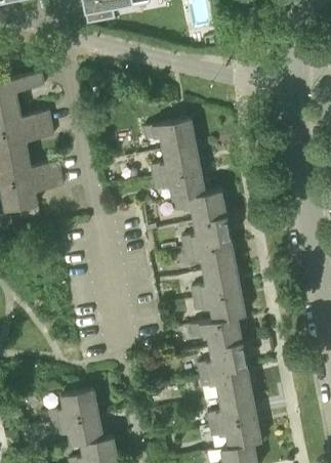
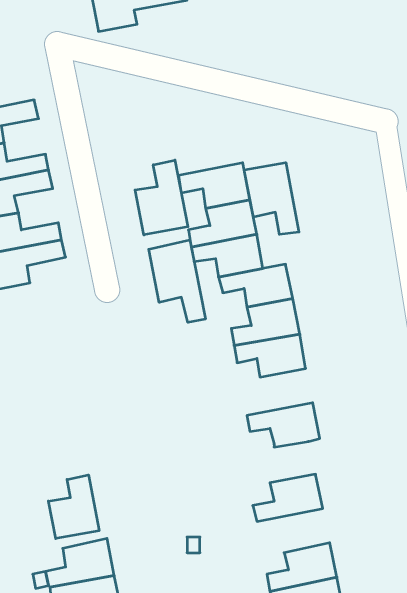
building: none -> [135,160,188,235]
building: none -> [244,163,299,234]
building: none -> [149,240,205,322]
building: [192,265,241,299] -> none
building: [190,318,243,347] -> none
building: none -> [48,475,99,539]
building: [201,366,253,397] -> none

